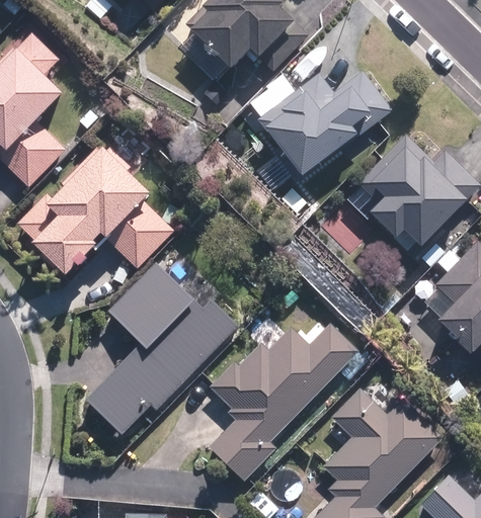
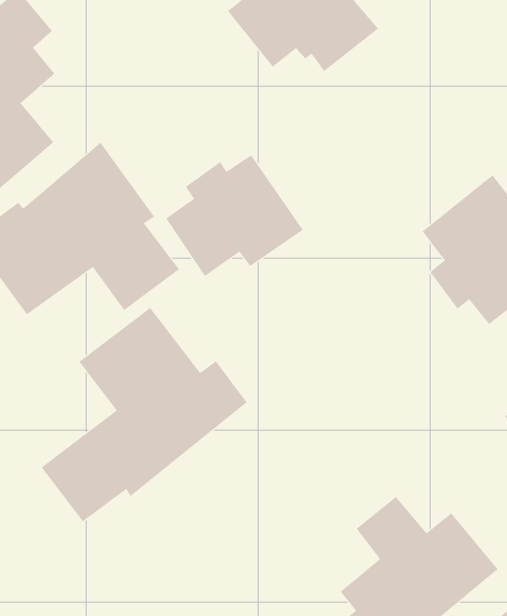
building: [240,70,390,181] -> none
building: none -> [166,154,304,277]
building: [208,322,358,484] -> none

